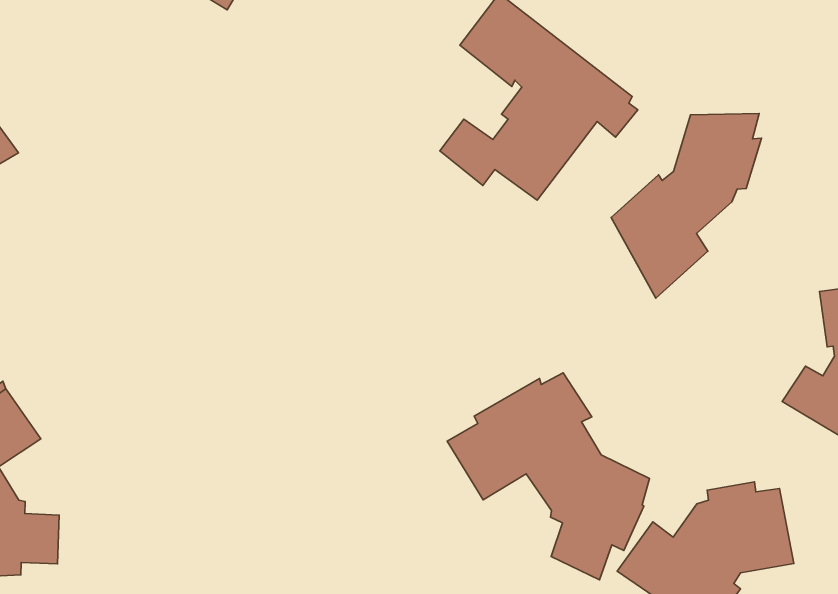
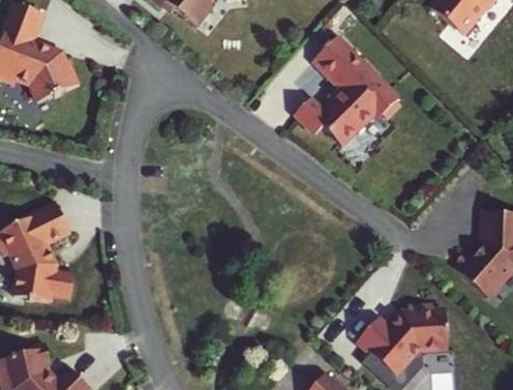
building: [611,114,762,298] -> none
building: [447,373,649,580] -> none

